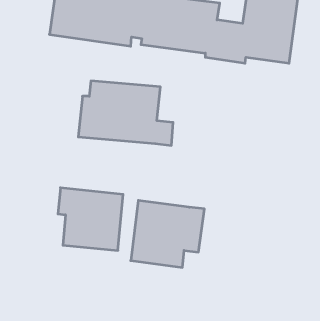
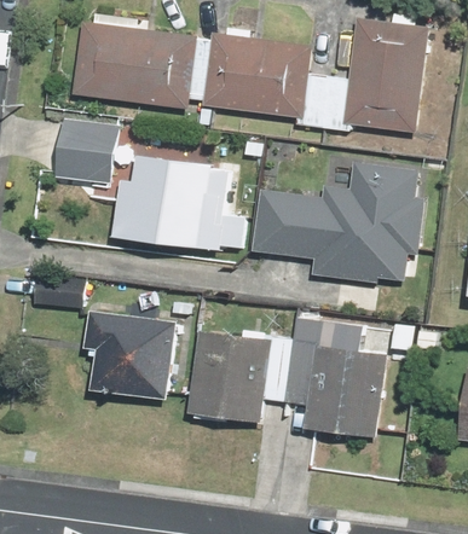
building: none -> [54,117,115,181]
building: none -> [250,163,422,283]
building: none -> [288,321,394,441]

